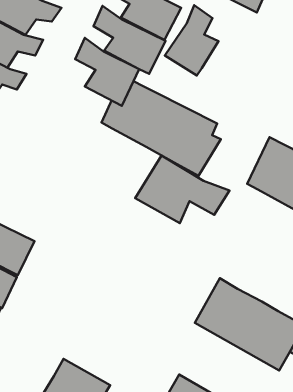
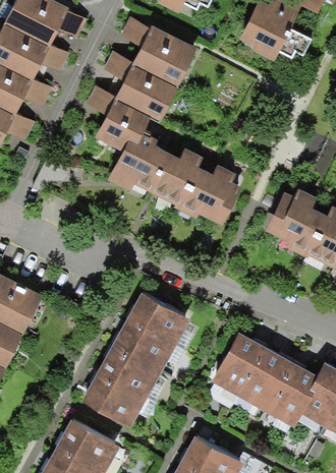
building: [165,5,218,76] -> none
building: [135,156,230,223] -> none
building: none -> [81,292,191,427]

